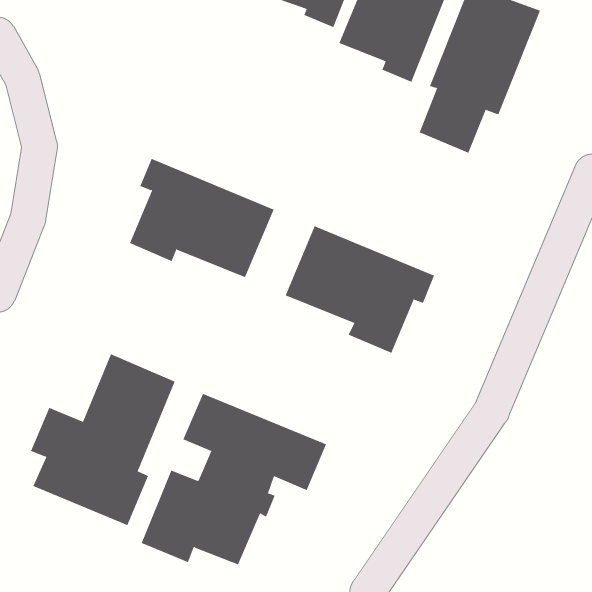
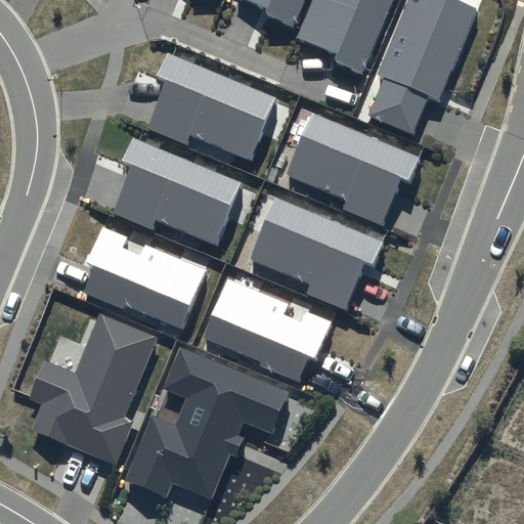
building: none -> [147,54,275,160]
building: none -> [287,115,420,226]
building: none -> [84,228,206,329]
building: none -> [205,280,331,383]

